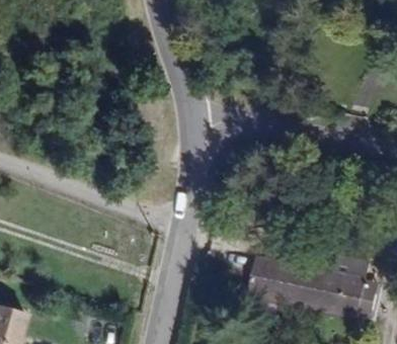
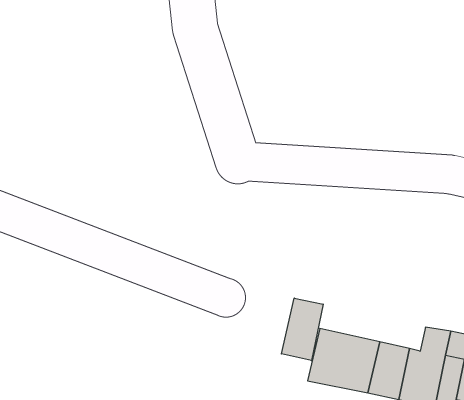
building: none -> [281,298,323,361]

